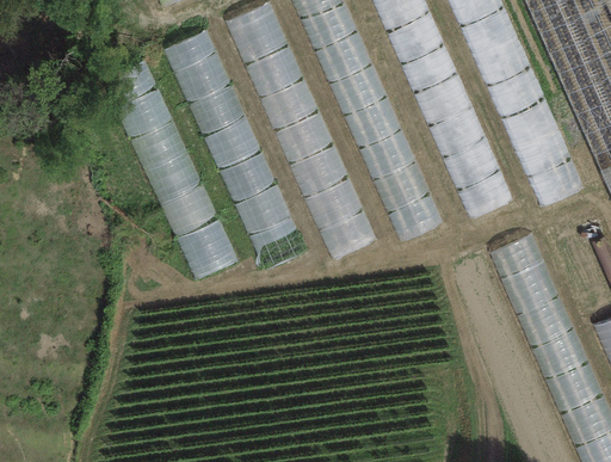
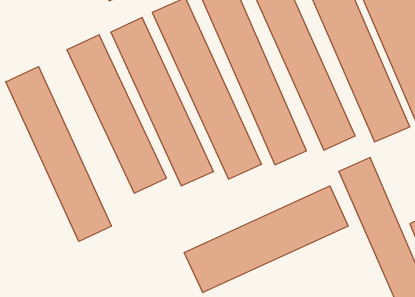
building: none -> [6,67,112,241]
building: none -> [184,186,348,293]

